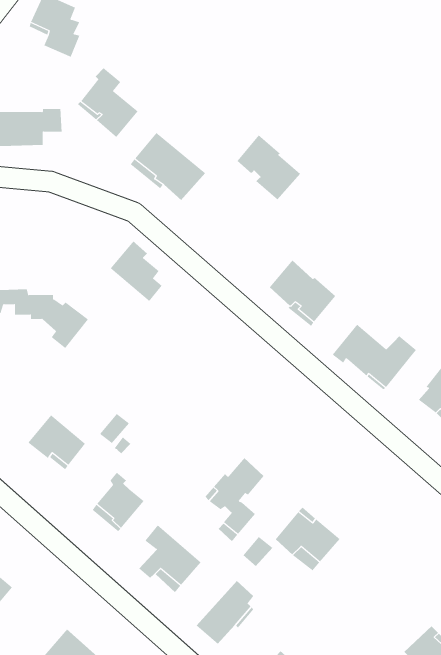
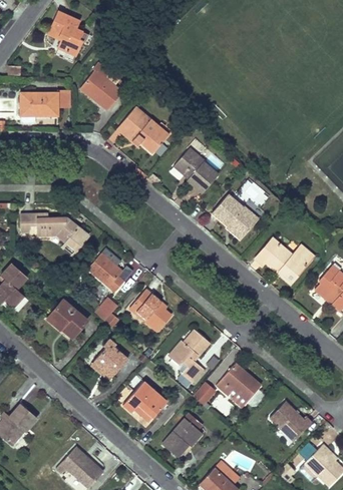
building: [236,134,301,200] -> [174,147,218,192]
building: [110,240,163,302] -> [87,250,123,292]
building: none -> [129,289,170,332]
building: none -> [269,401,312,441]

